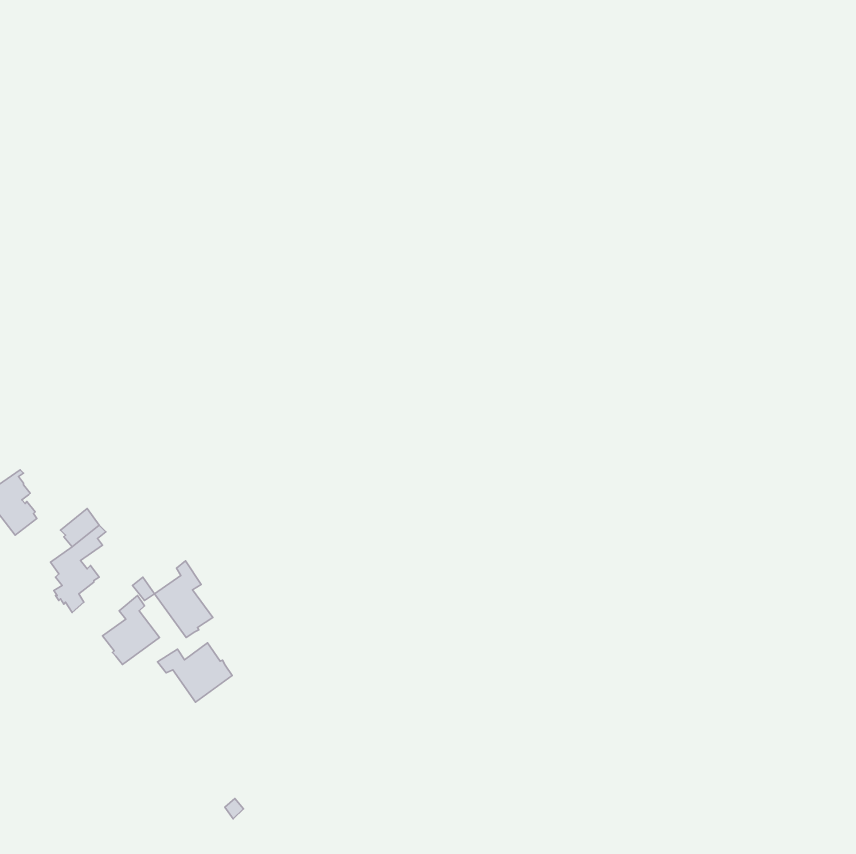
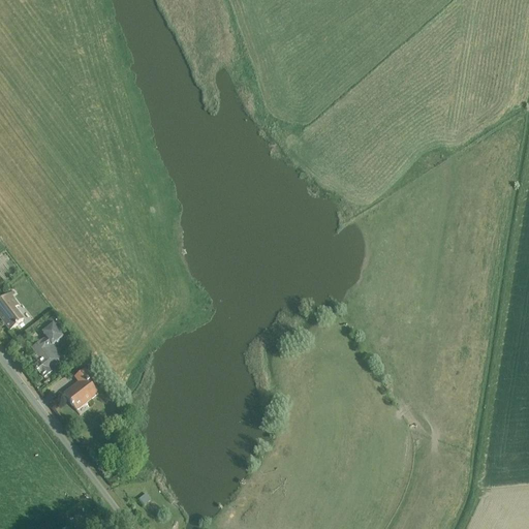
building: [154,561,213,637] -> none
building: [158,643,232,702] -> none

